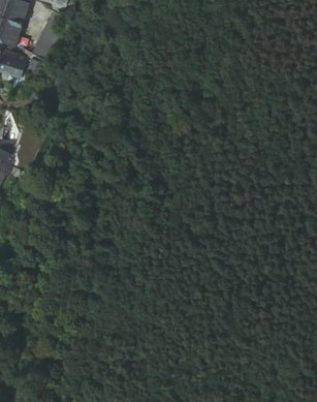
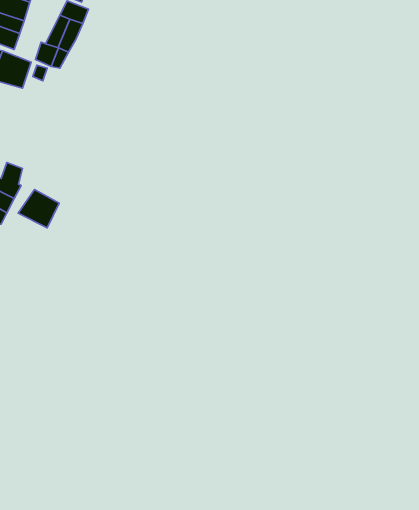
building: none -> [18,189,59,228]

